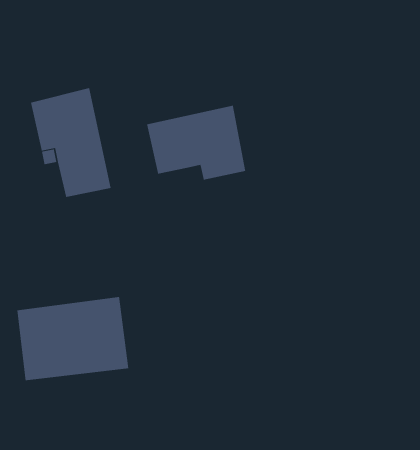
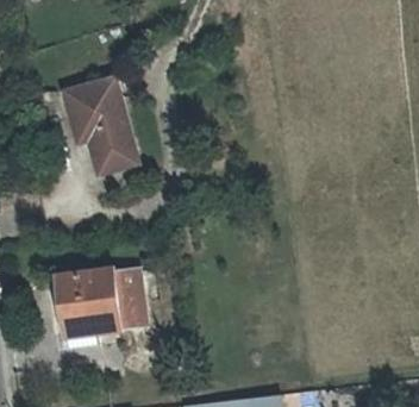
building: [146,105,246,180] -> none

